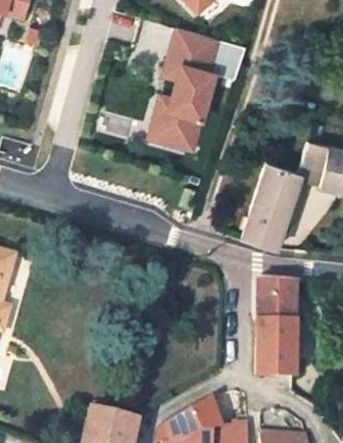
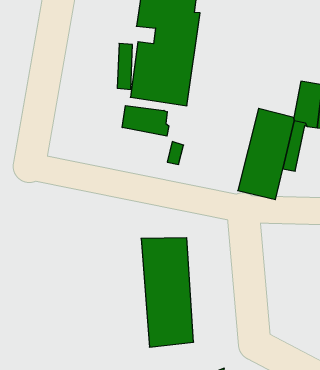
building: none -> [122,106,169,136]
building: [258,278,301,378] -> [141,238,194,347]

